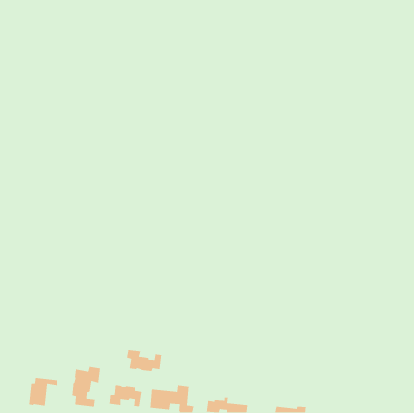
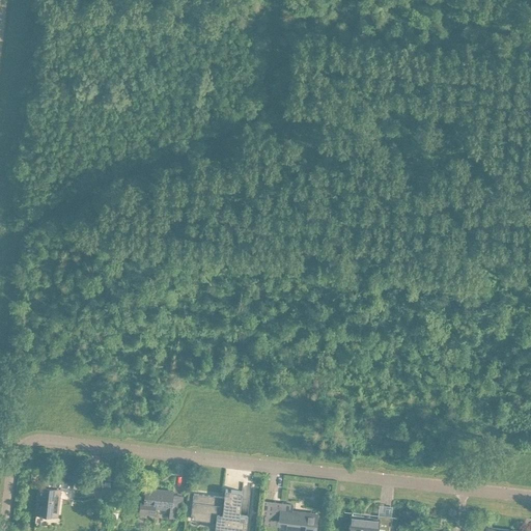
building: [126,349,162,372] -> none
building: [71,366,101,408] -> none

